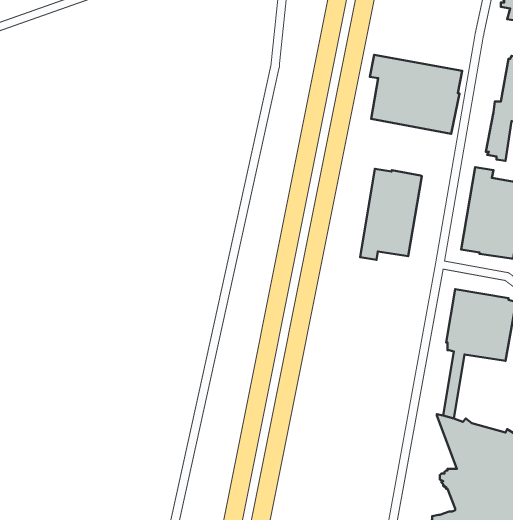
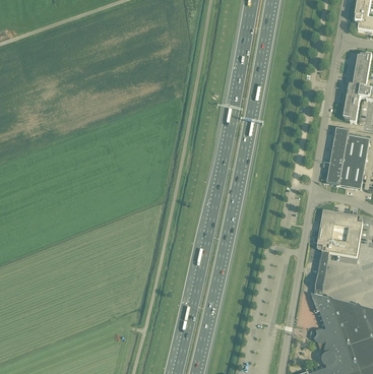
building: [370,55,462,134] -> none
building: [360,169,422,260] -> none

